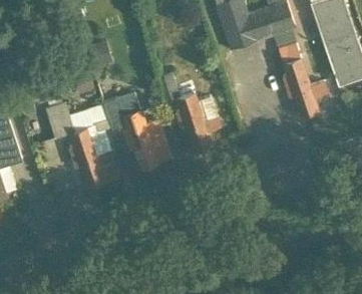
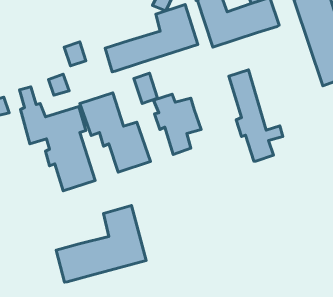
building: none -> [105,5,198,72]
building: [275,29,327,117] -> [229,70,283,161]
building: none -> [56,206,146,282]

